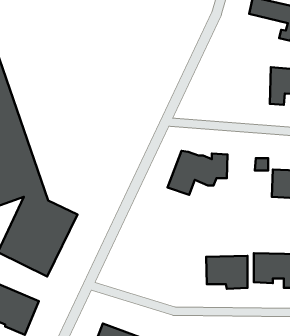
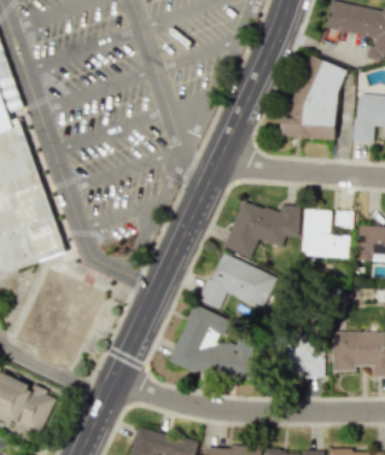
building: none -> [281,54,349,141]
building: none -> [302,210,350,258]
building: none -> [200,252,279,310]
building: none -> [170,307,252,378]

